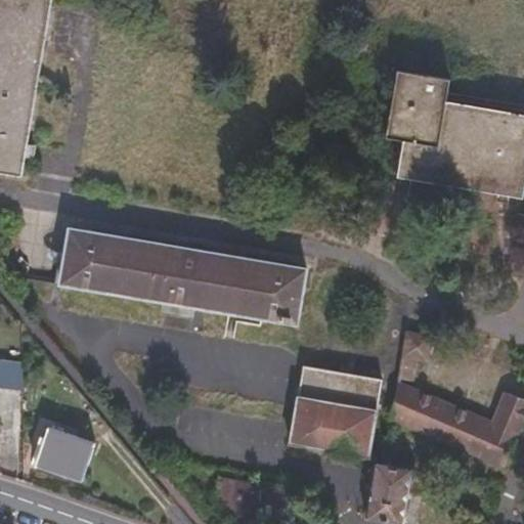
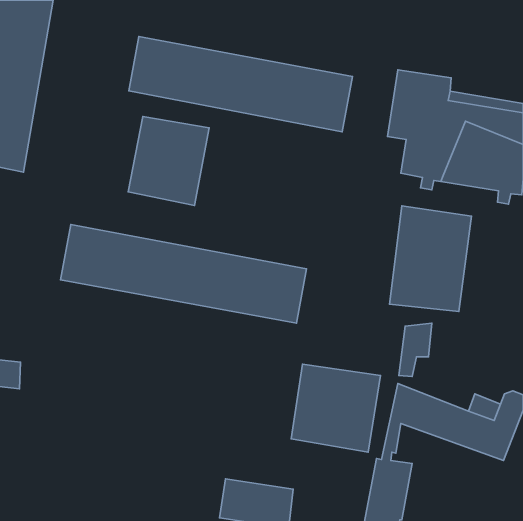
building: none -> [129,36,353,132]
building: none -> [128,116,209,205]
building: none -> [390,206,471,312]
building: [32,431,93,485] -> none

